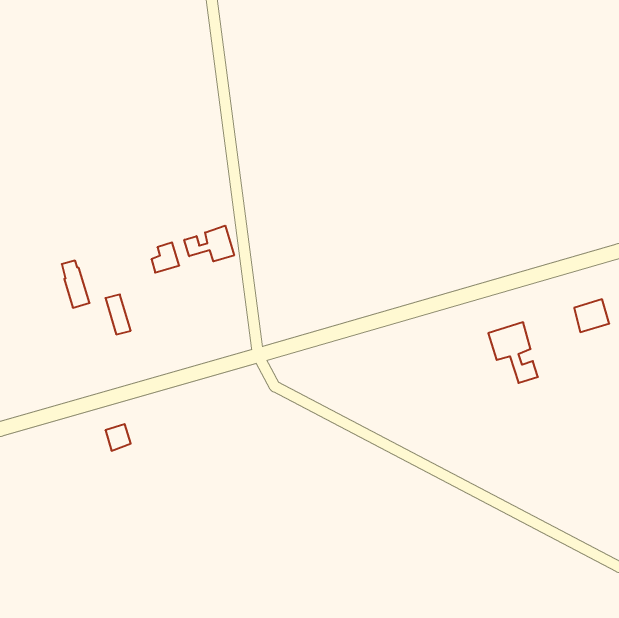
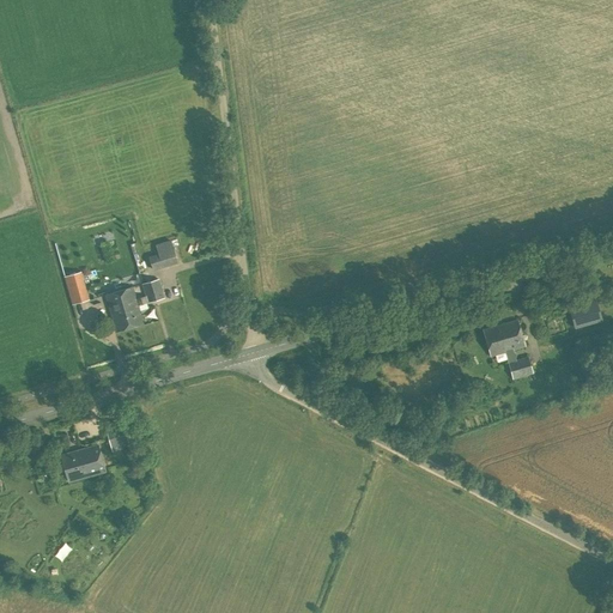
building: [184,226,234,261] -> none
building: none -> [119,279,164,327]
building: none -> [60,444,105,481]

